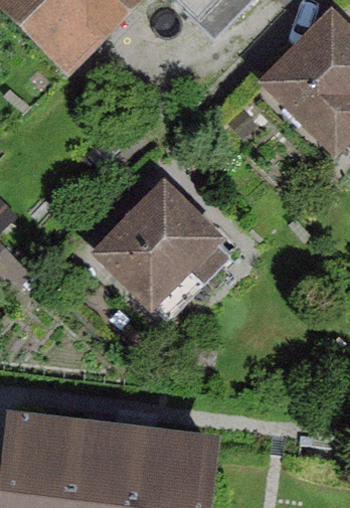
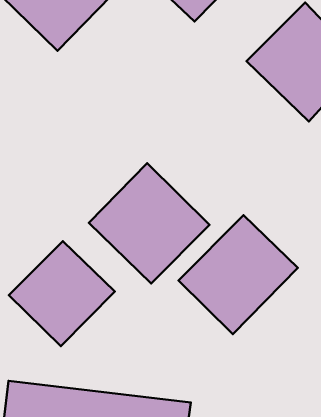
building: none -> [178,215,298,334]
building: none -> [9,241,115,346]

